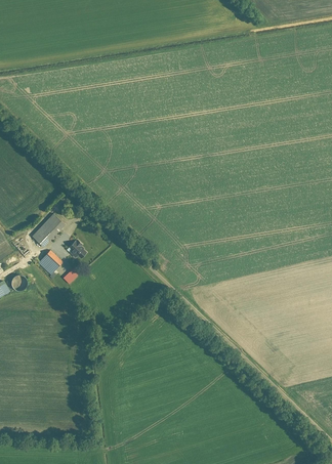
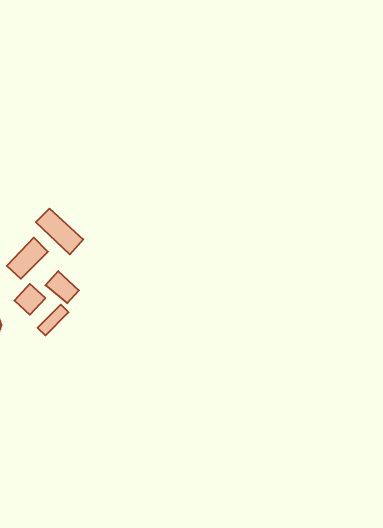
building: none -> [36,209,83,254]

